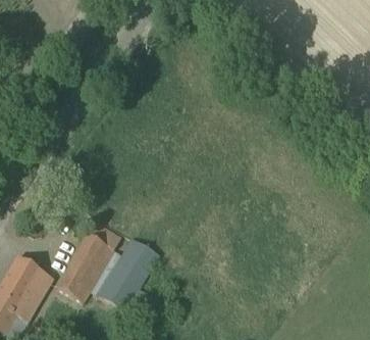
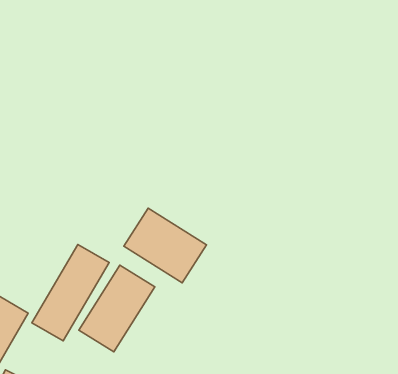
building: none -> [124,208,206,283]

